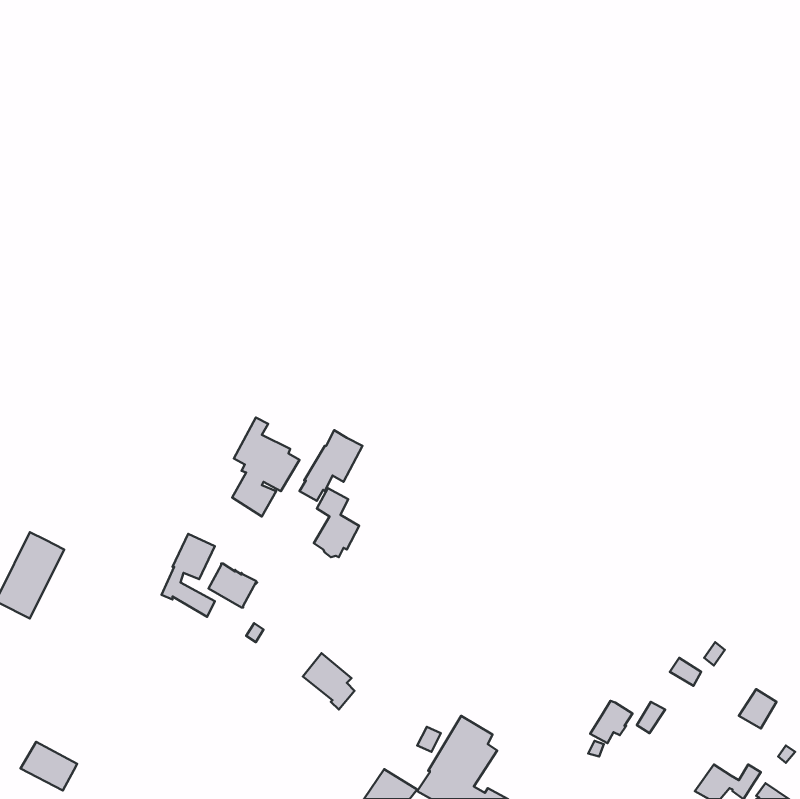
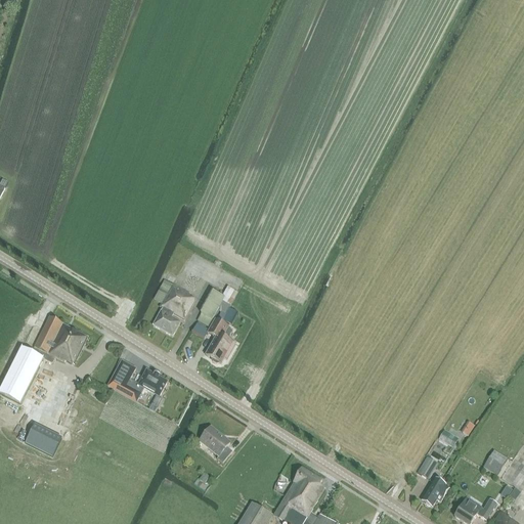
building: none -> [30,315,87,364]
building: [590,701,632,743] -> [420,479,447,507]
building: [21,742,77,791] -> [25,425,61,456]

